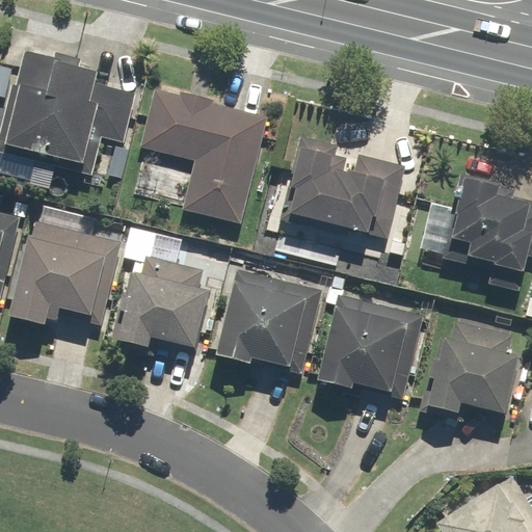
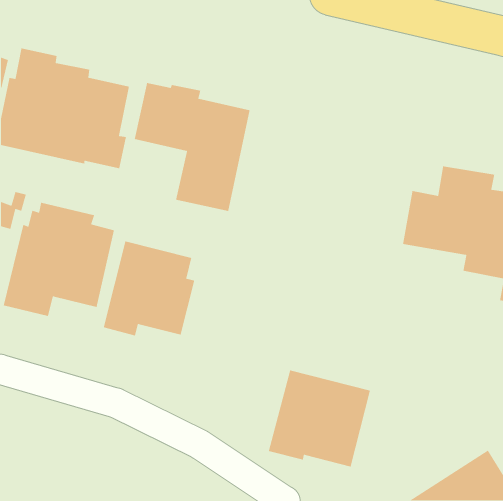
building: [285,133,406,235] -> none
building: [215,270,323,371] -> none
building: [316,294,424,397] -> [268,369,371,467]
building: [420,320,517,419] -> none

